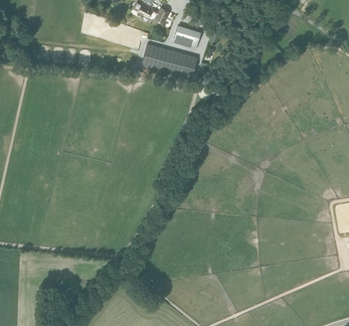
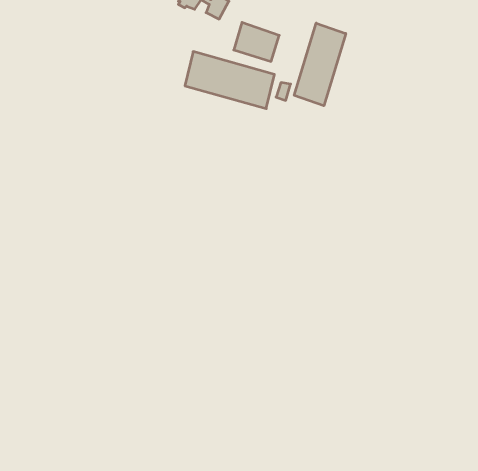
building: none -> [294,23,346,106]

